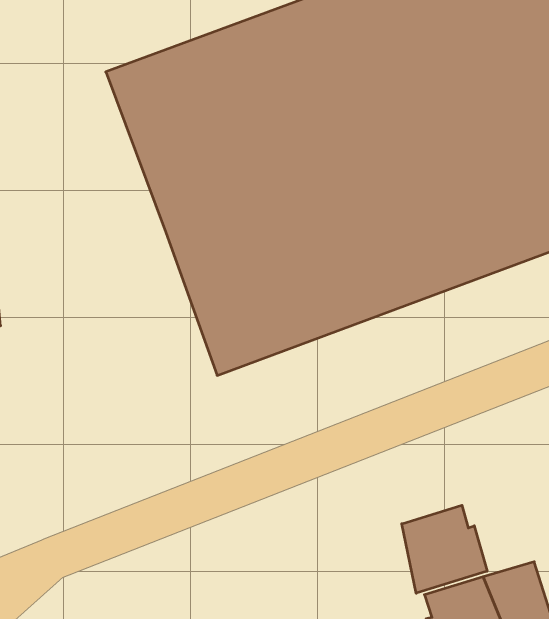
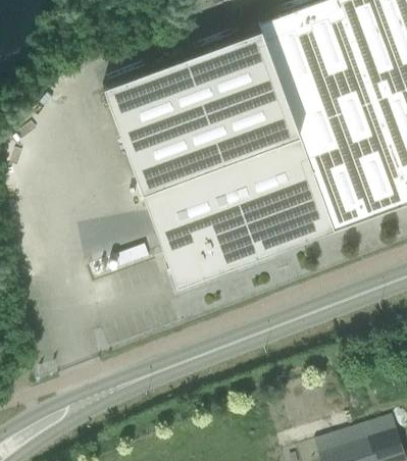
building: [402,505,487,593] -> none

